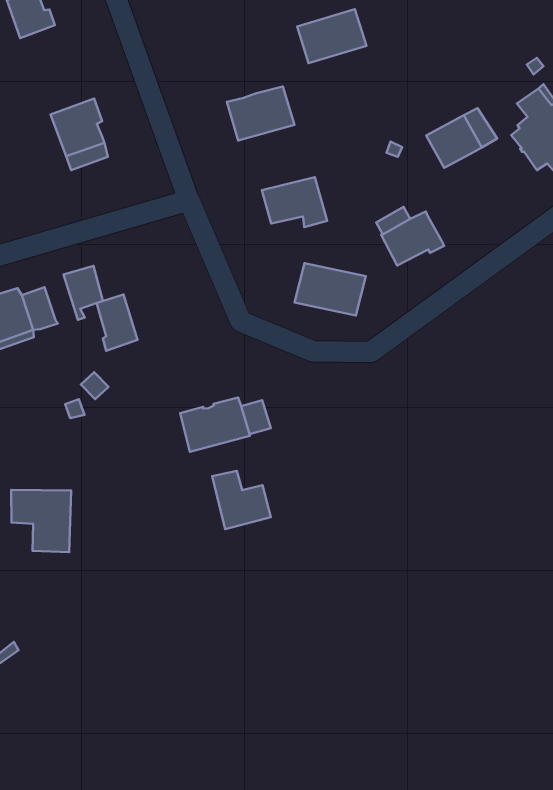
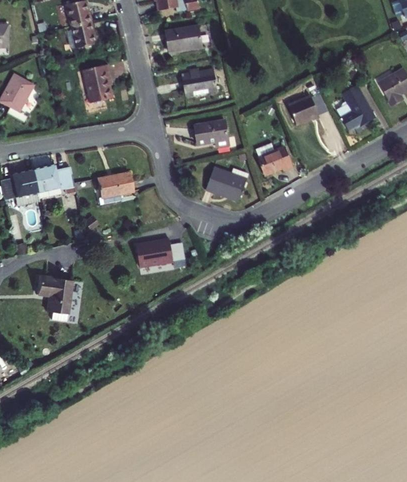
building: [297,9,366,63] -> [165,25,202,52]
building: none -> [71,21,93,48]
building: [64,266,103,320] -> [112,171,132,200]
building: [212,471,271,529] -> none

